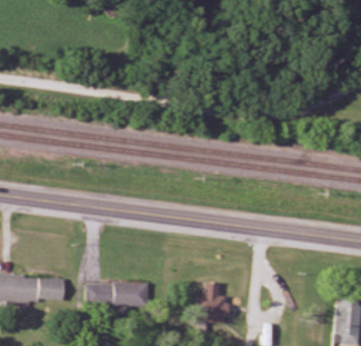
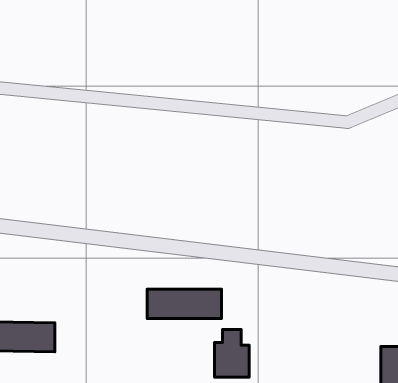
building: [86,283,148,307] -> [147,289,222,318]

